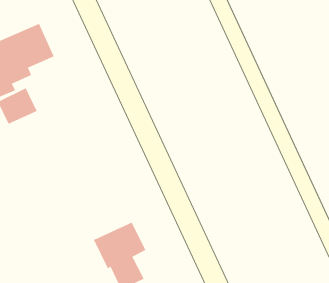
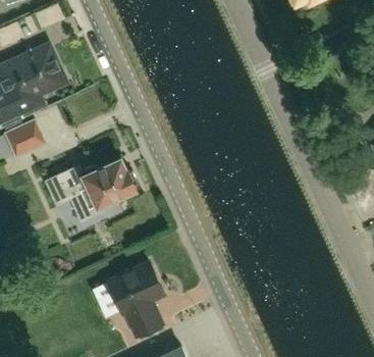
building: none -> [57,159,138,224]

